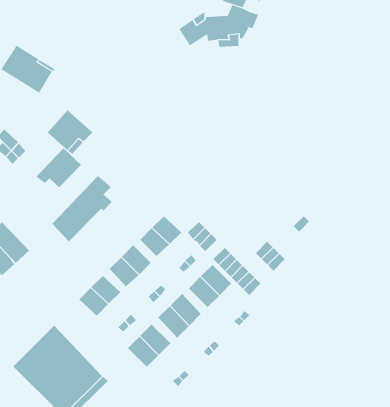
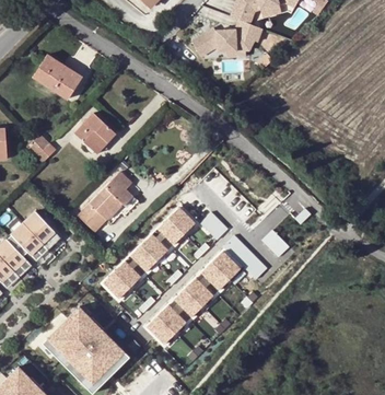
building: [36,147,82,188] -> none

